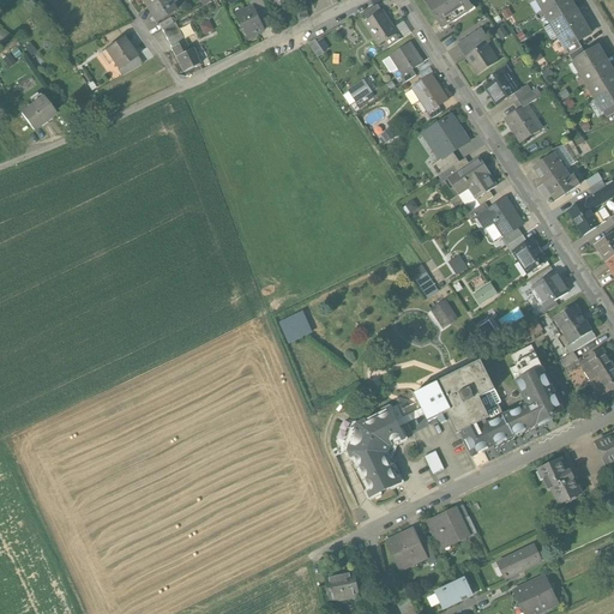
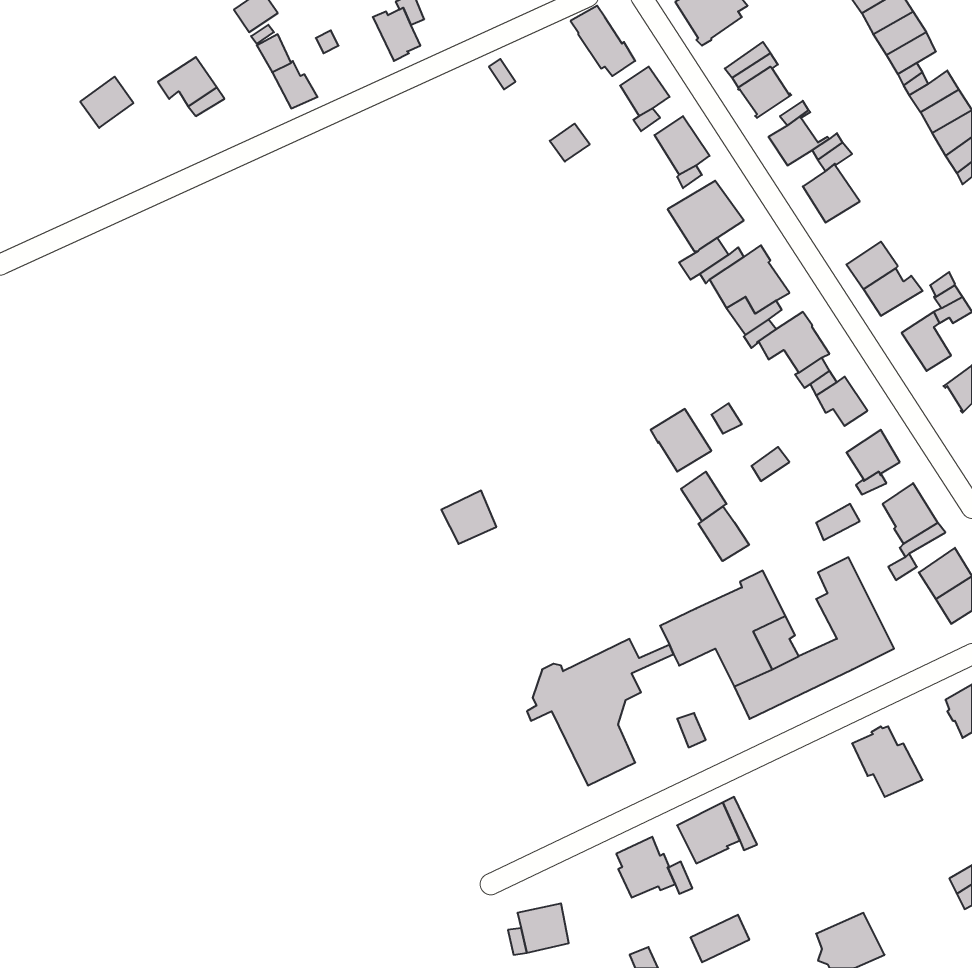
building: [22,96,55,128] -> [80,77,133,128]
building: none -> [698,506,749,561]
building: [499,544,541,577] -> none

